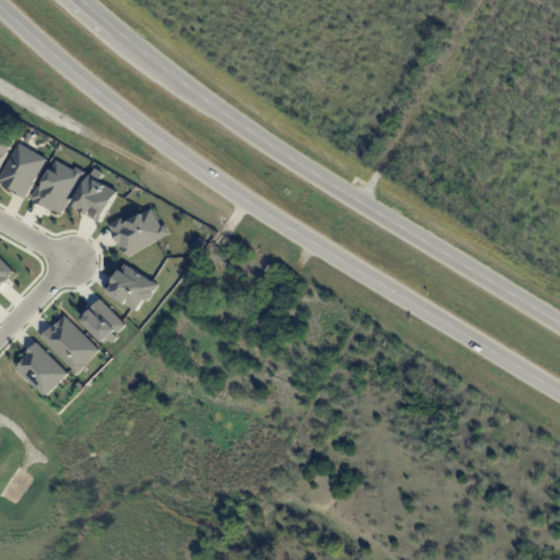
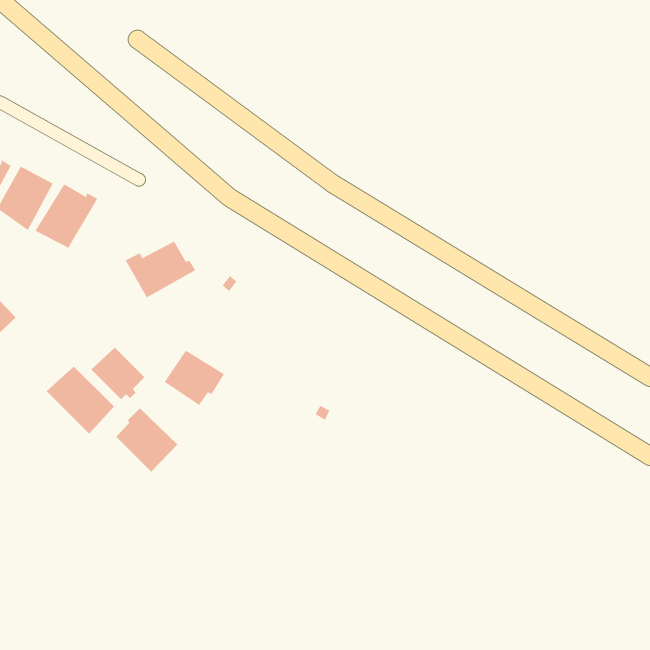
building: [70,166,116,220] -> none
building: [105,262,158,311] -> [164,350,225,406]
building: [14,341,68,397] -> [116,408,178,473]

